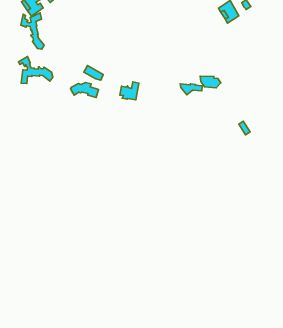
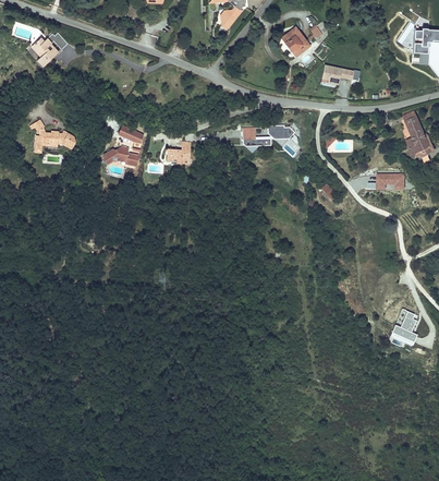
building: [21,13,44,49] -> none
building: none -> [320,64,353,85]

